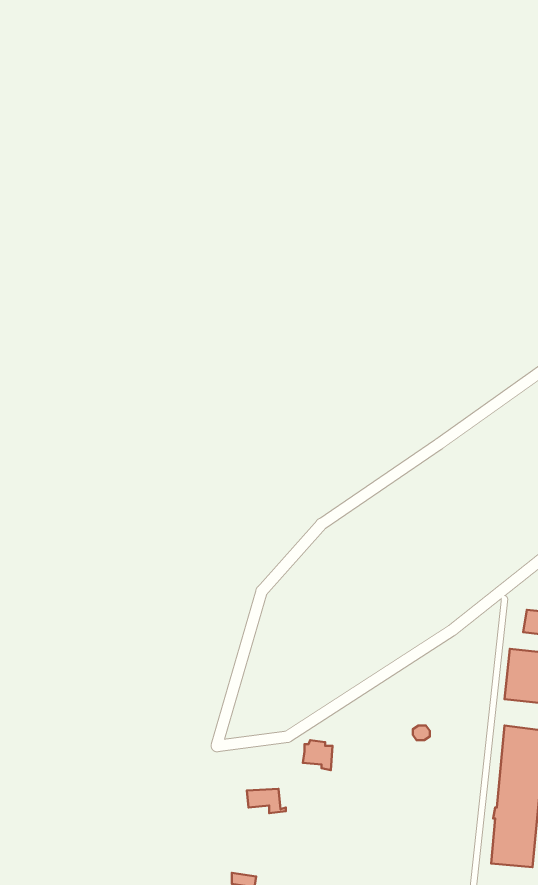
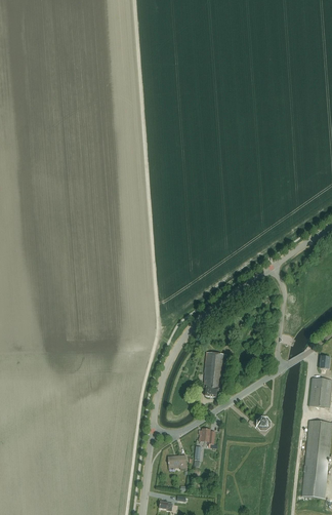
building: none -> [203,352,226,397]

